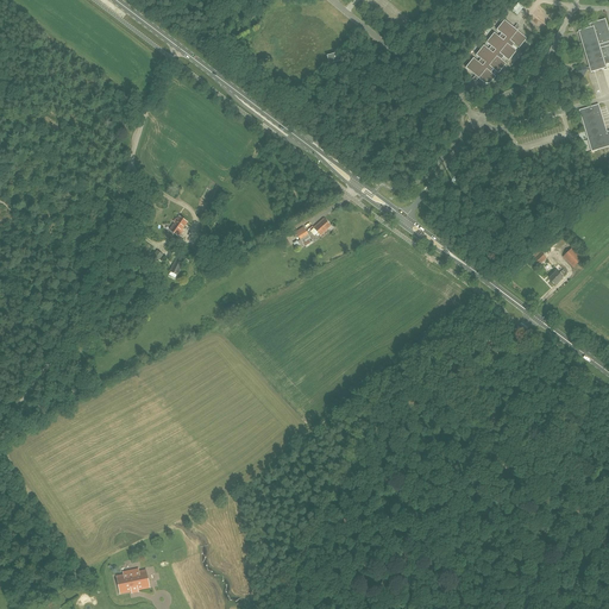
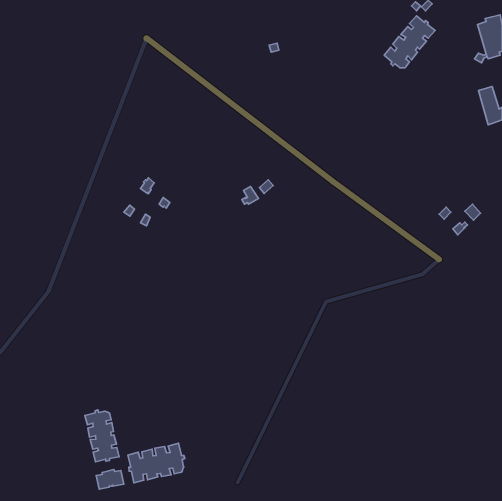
building: none -> [85,410,119,462]
building: none -> [128,443,185,483]

